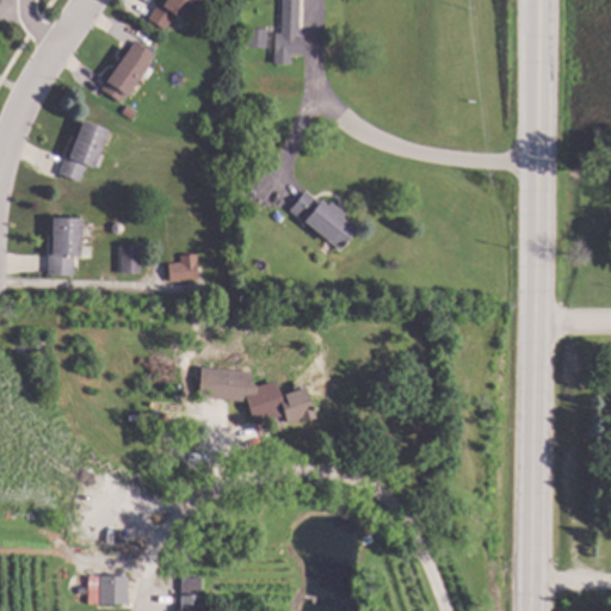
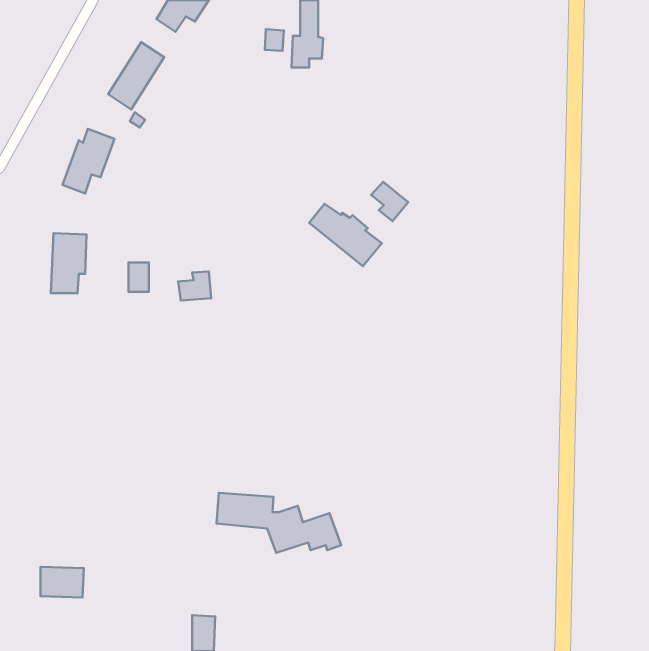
building: none -> [371,182,408,221]
building: [198,368,315,424] -> [216,493,341,553]
building: [87,575,128,604] -> [41,567,84,597]

